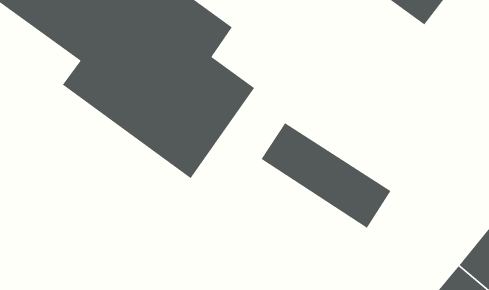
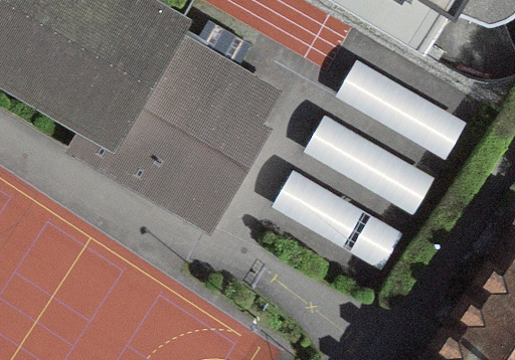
building: none -> [337,58,470,159]
building: none -> [306,114,439,213]

